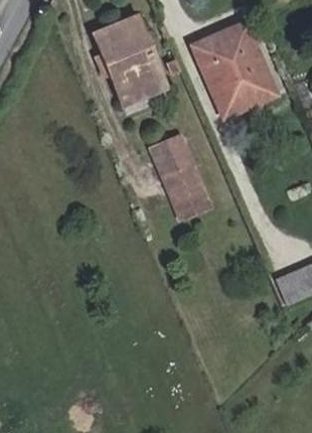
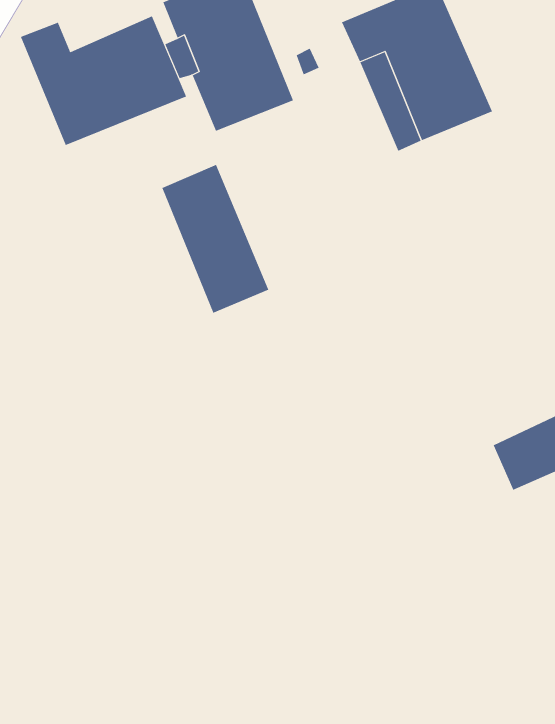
building: none -> [20,16,187,146]
building: [151,135,210,218] -> [162,164,269,314]

